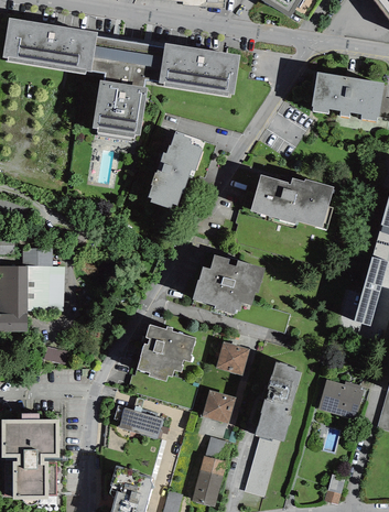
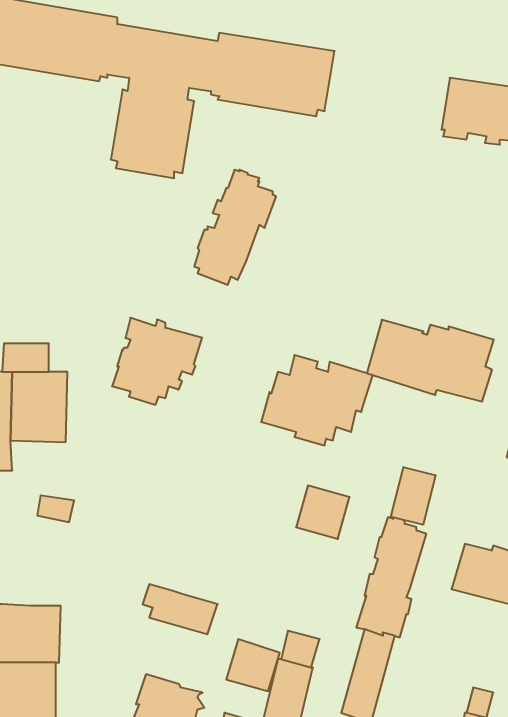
building: [250,174,334,228] -> [367,320,494,402]
building: [137,324,196,381] -> [112,318,202,405]
building: none -> [391,467,435,525]
building: [201,389,236,423] -> [226,639,280,691]

